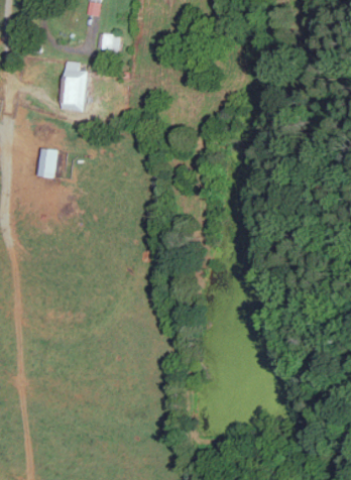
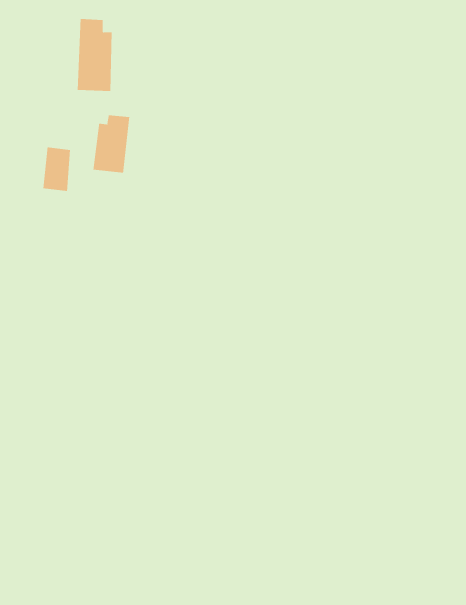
building: none -> [93,114,130,174]

